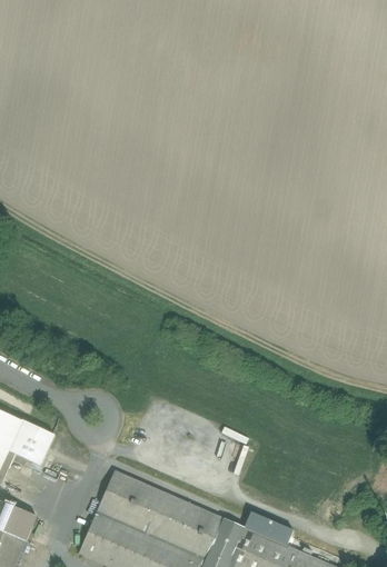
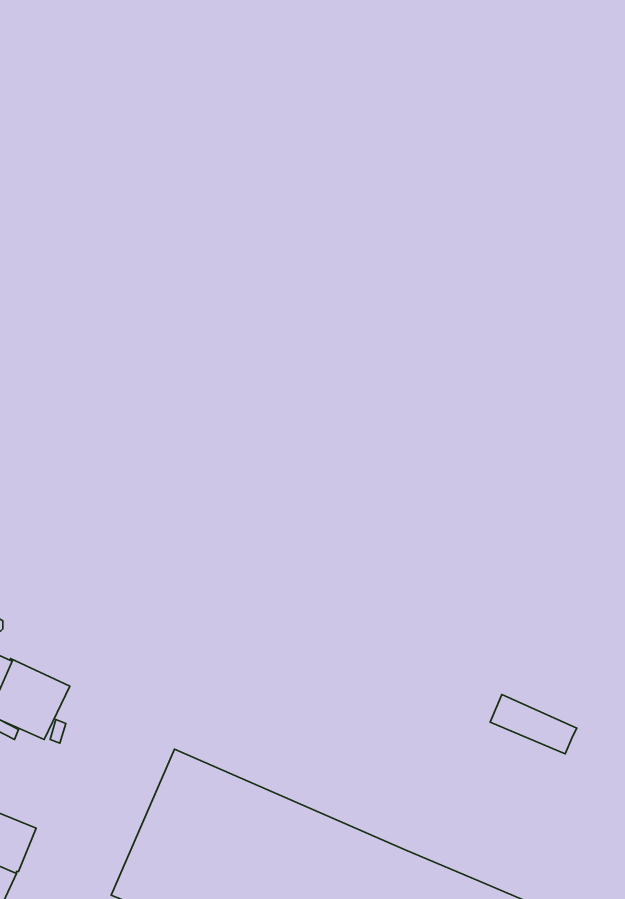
building: [245,513,294,546] -> [490,694,577,754]

